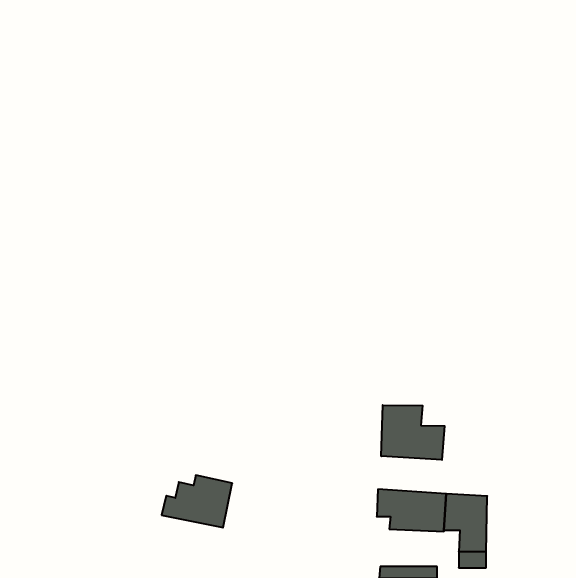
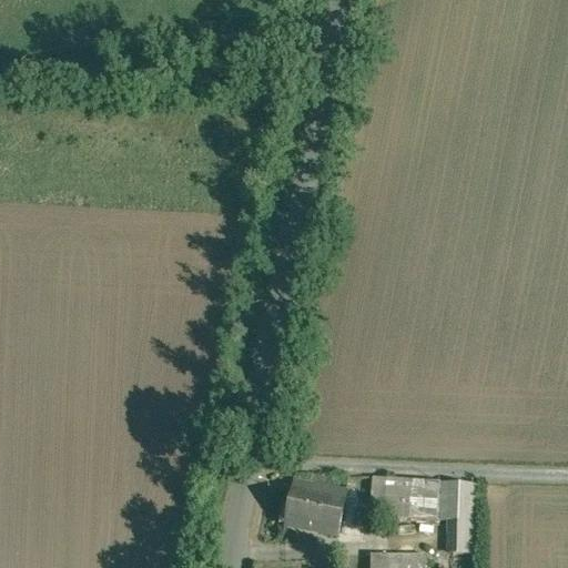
building: [381,405,445,460] -> none
building: [162,475,232,528] -> [273,481,342,532]

